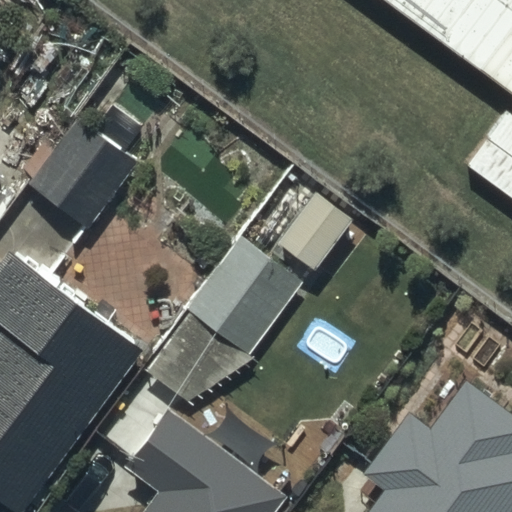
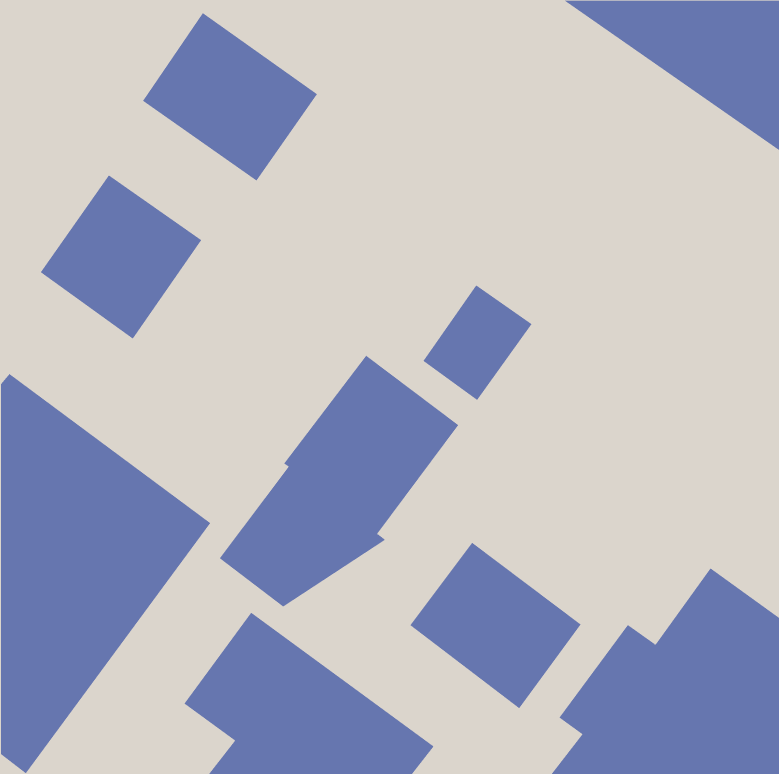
building: none -> [142,12,318,181]
building: none -> [409,542,581,709]

